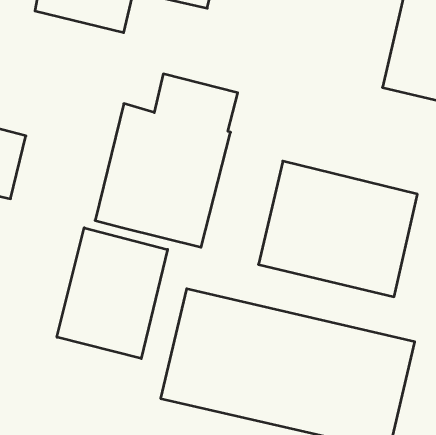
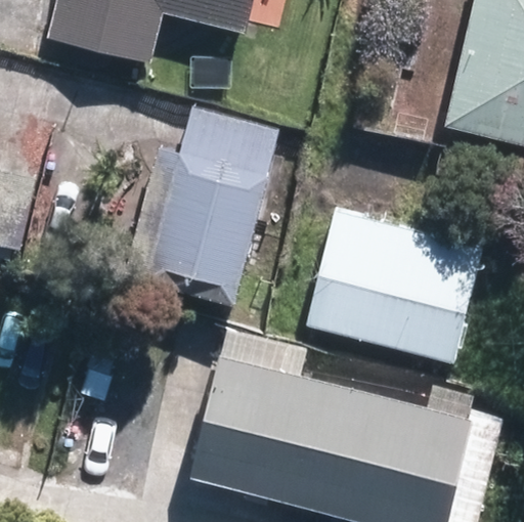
building: [57,228,168,359] -> none

